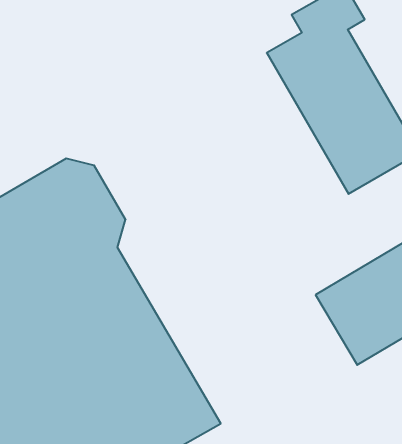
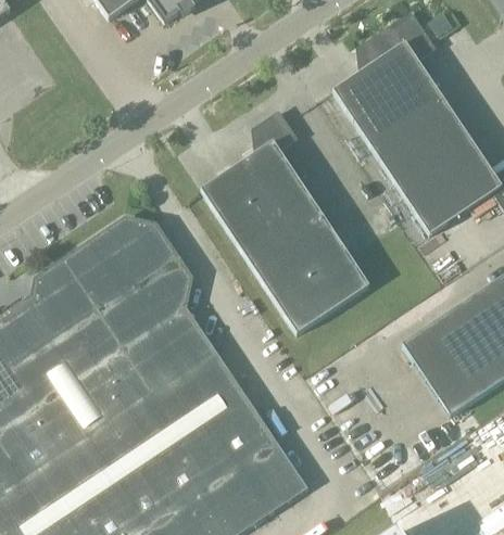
building: none -> [200,111,368,334]

